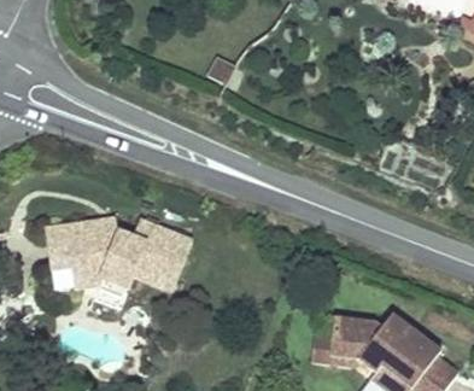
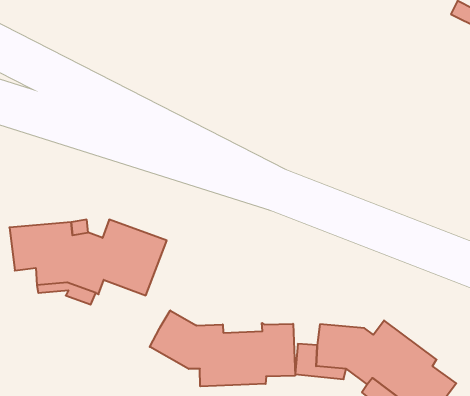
building: none -> [150,310,295,386]

